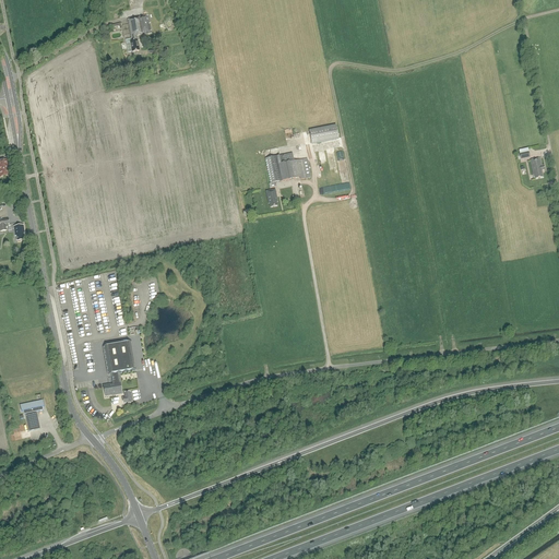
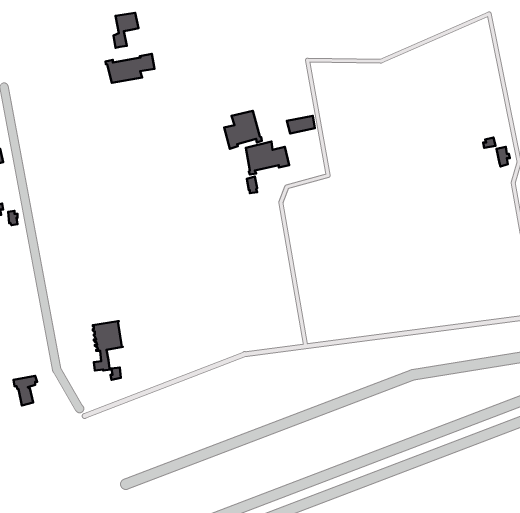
building: none -> [106,54,155,83]
building: none -> [224,111,262,149]

